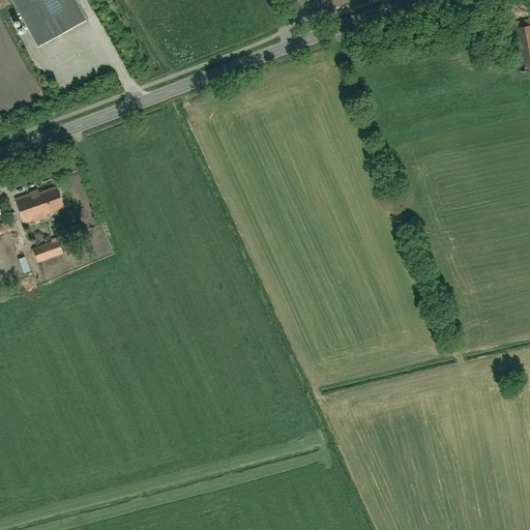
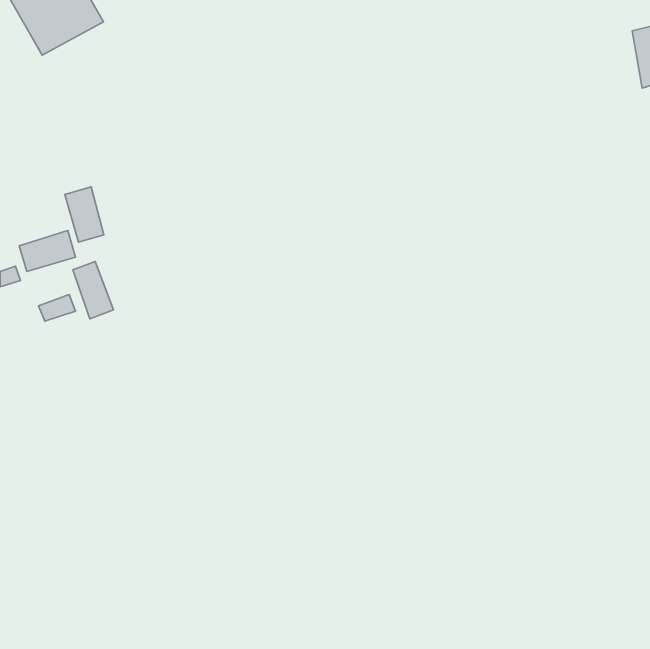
building: none -> [65,187,104,242]
building: none -> [73,262,113,319]

